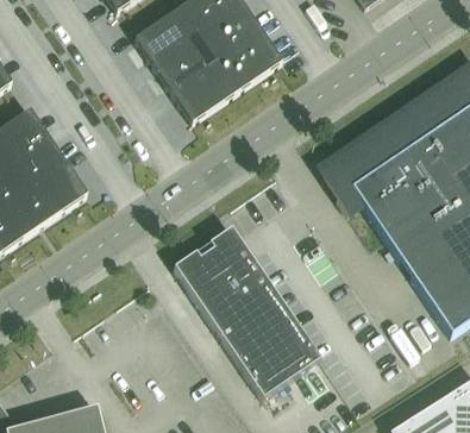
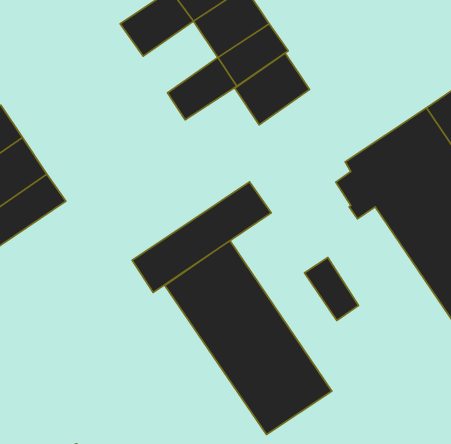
building: [155,33,220,96] -> [235,53,309,125]
building: none -> [132,182,271,292]
building: none -> [305,257,358,320]

